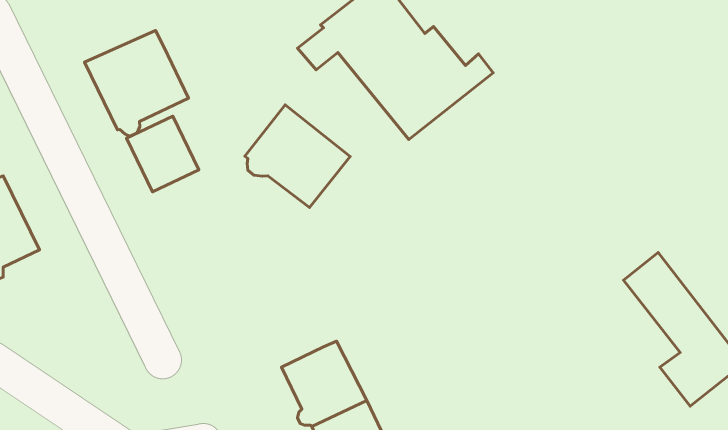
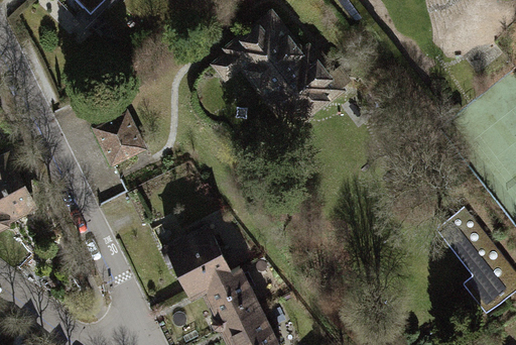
building: [85,31,188,136] -> none
building: [245,105,350,208] -> none
building: none -> [162,227,231,293]

